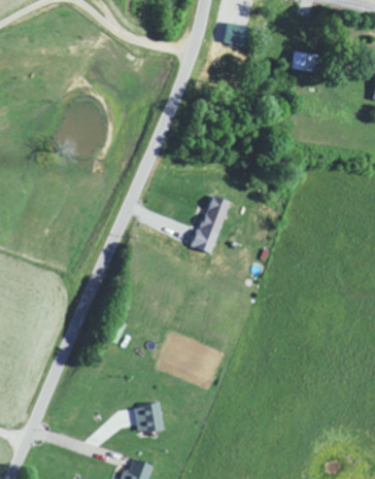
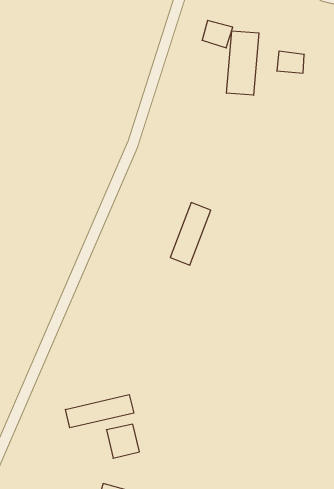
building: none -> [227,31,259,95]
building: none -> [65,395,134,428]

